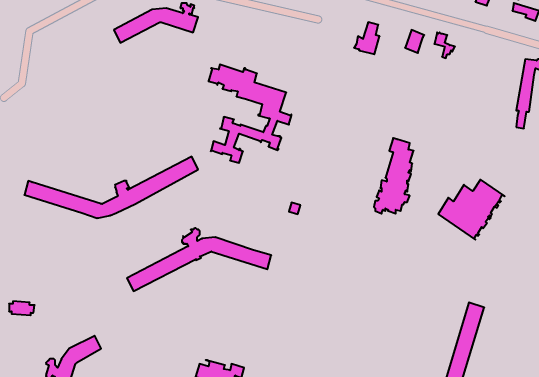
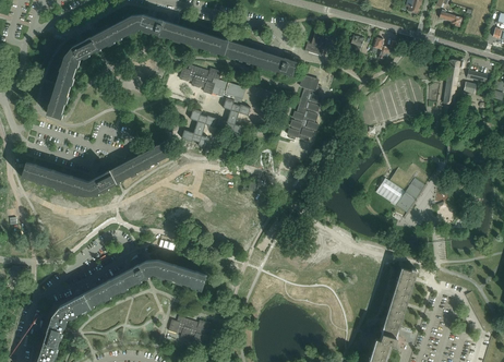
building: none -> [167,24,297,75]
building: none -> [48,29,105,118]
building: [374,138,414,214] -> [288,75,322,140]
building: [127,228,271,291] -> [83,253,206,306]

